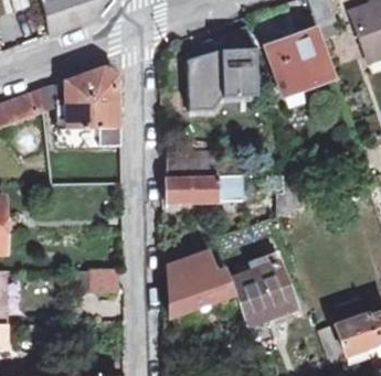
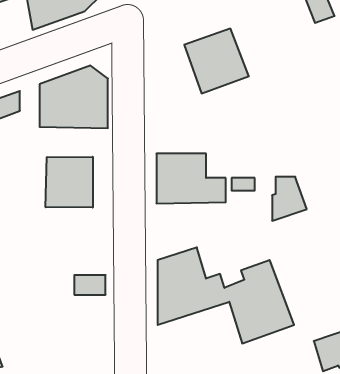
building: [267,34,329,95] -> none
building: none -> [46,157,93,208]

